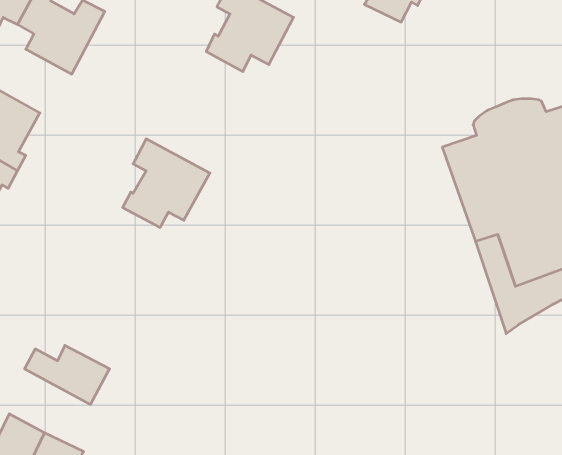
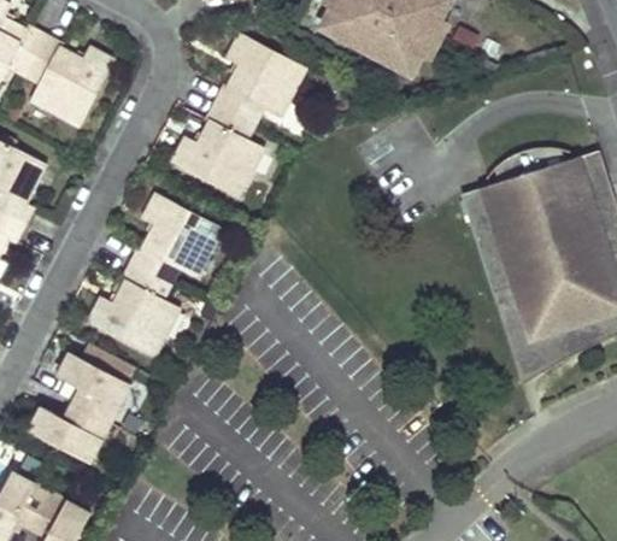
building: none -> [171,102,263,196]
building: none -> [86,261,177,355]
building: none -> [59,352,137,427]

